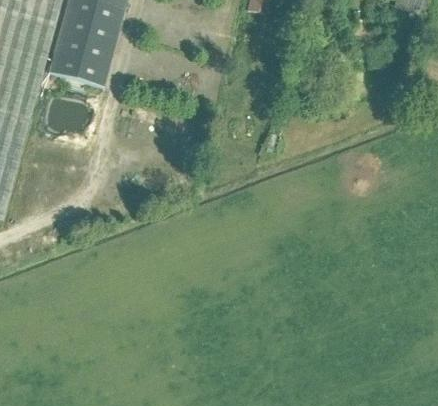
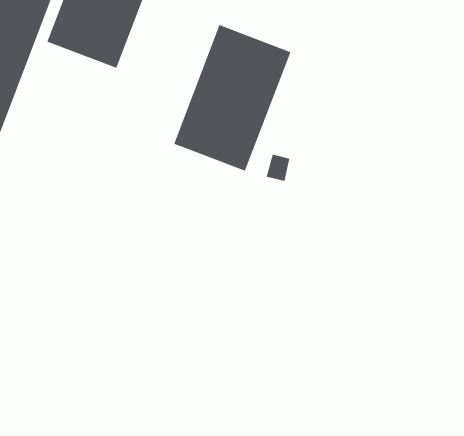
building: none -> [173,24,291,172]

